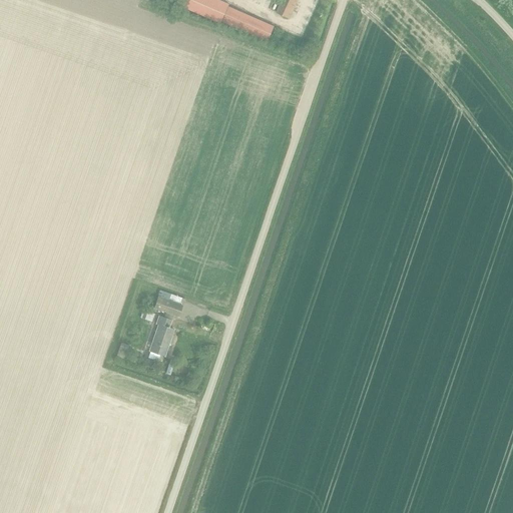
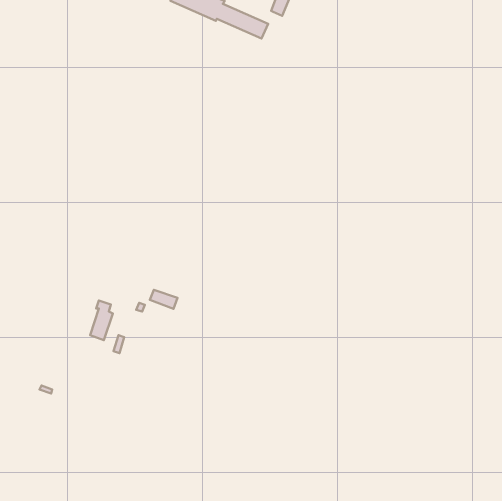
building: [148,314,171,354] -> [90,301,113,340]

